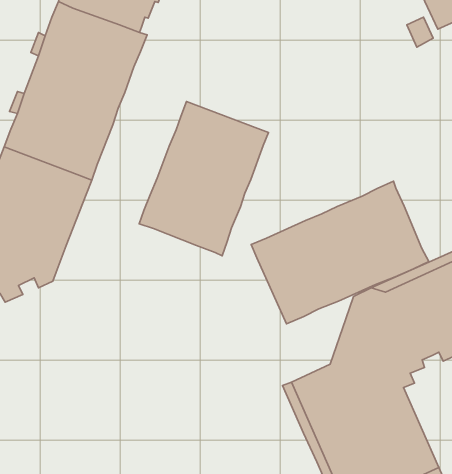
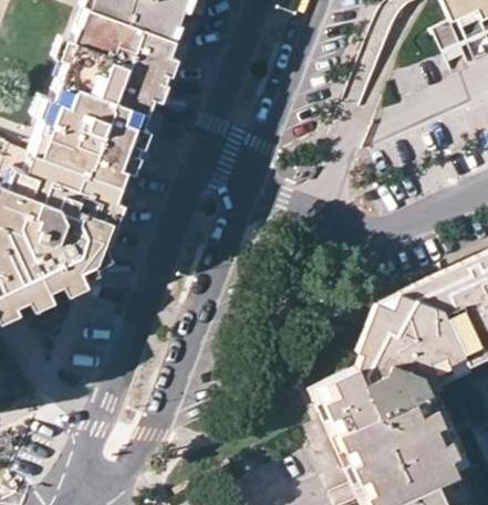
building: [139,101,269,256] -> none
building: [251,181,429,324] -> none

